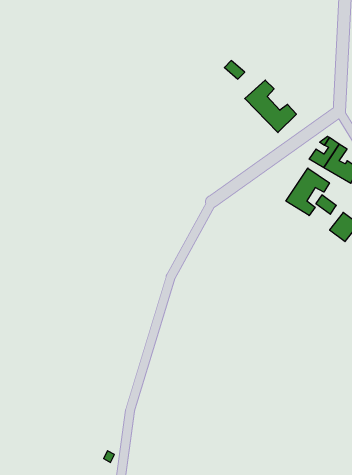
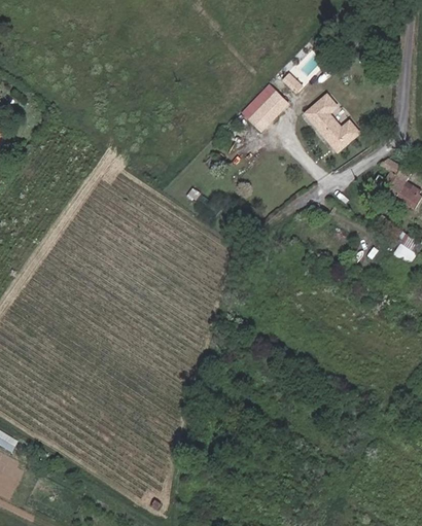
building: none -> [245,91,284,131]
building: [286,168,329,216] -> none

